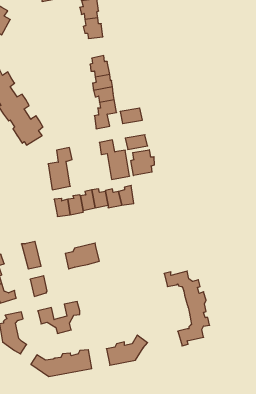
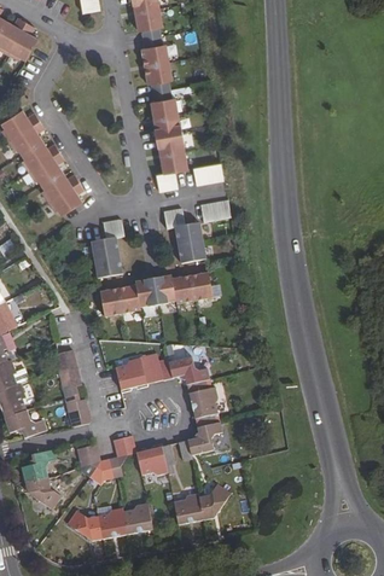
building: none -> [145,63,171,93]
building: [131,150,154,176] -> none
building: [164,271,210,346] -> [158,356,222,461]
building: none -> [135,443,175,475]

